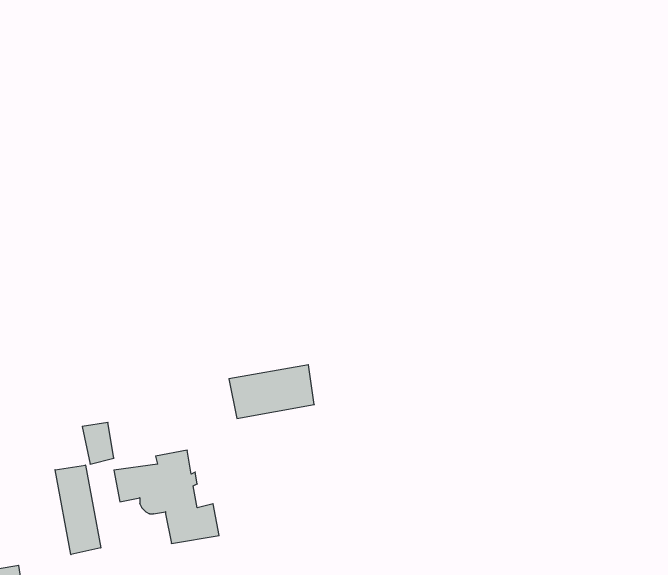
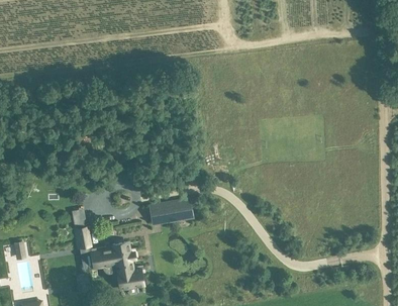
building: [55,465,101,555] -> none

